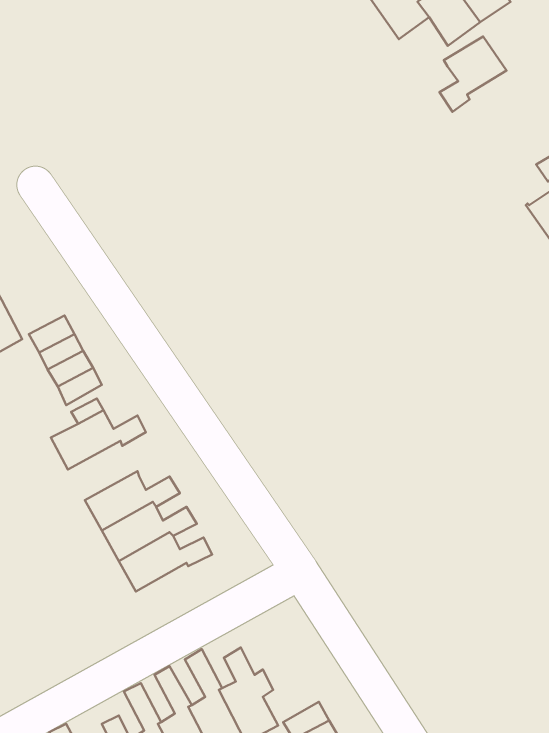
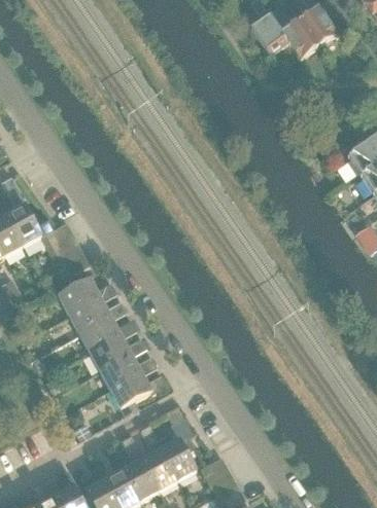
building: [440,36,507,112] -> none
building: none -> [69,296,127,332]
building: none -> [110,370,167,406]

